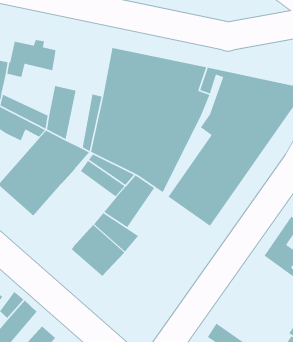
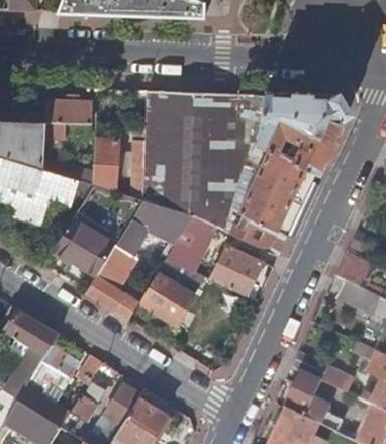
building: none -> [86,223,151,322]
building: none -> [209,247,261,298]

